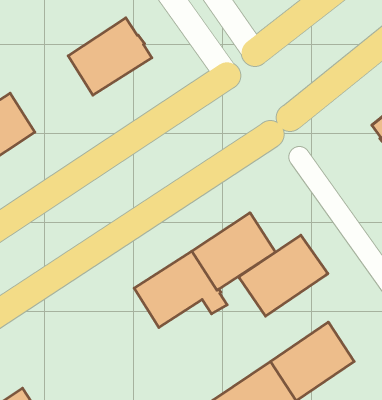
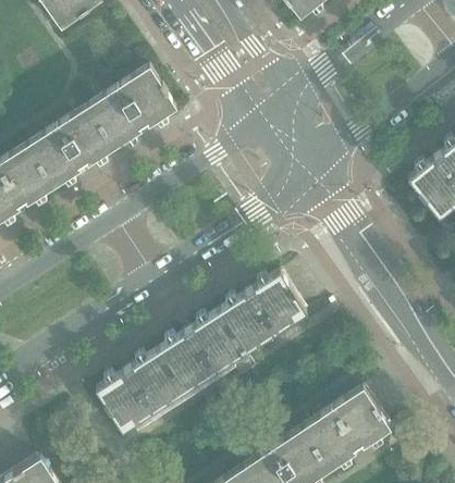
building: none -> [27,108,114,188]
building: [239,235,328,316] -> none
building: none -> [96,352,184,433]

